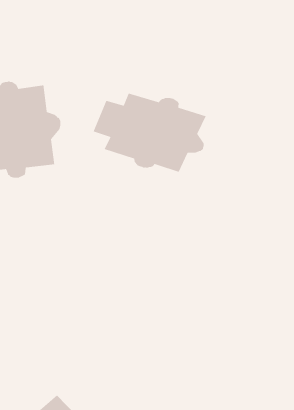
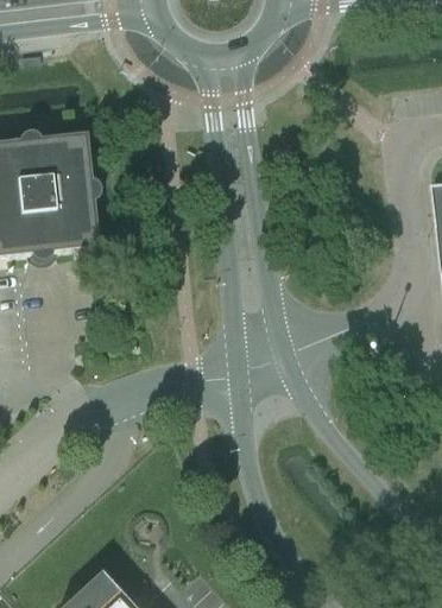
building: [92,93,207,173] -> none

